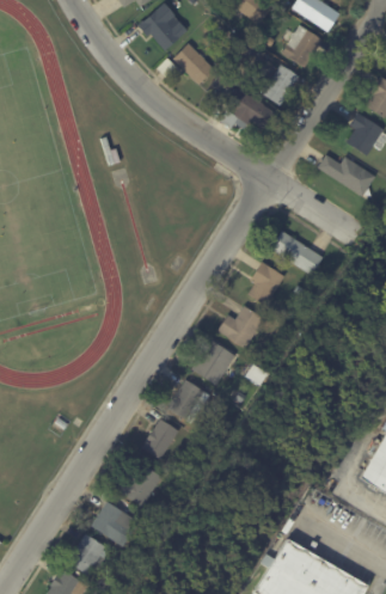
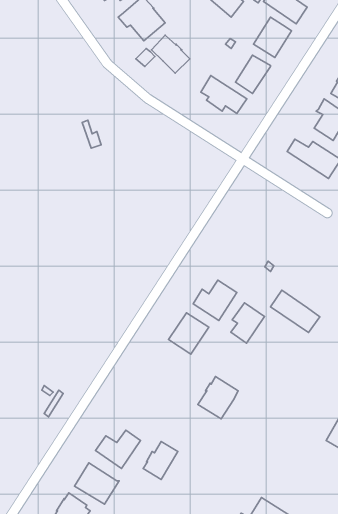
building: [270,231,323,276] -> [271,290,320,333]
building: [247,263,283,306] -> [231,303,265,343]
building: [166,380,209,425] -> [198,376,238,419]
building: [141,421,178,461] -> [143,442,178,480]

